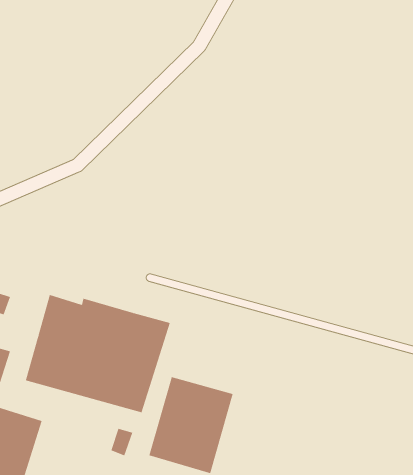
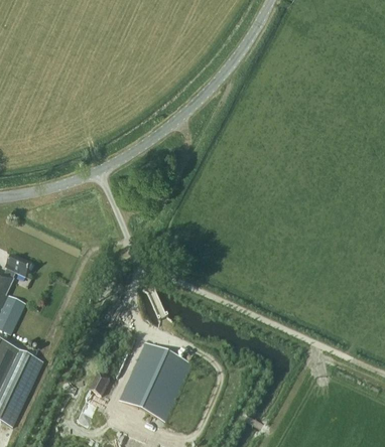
building: [25,294,171,413] -> none

